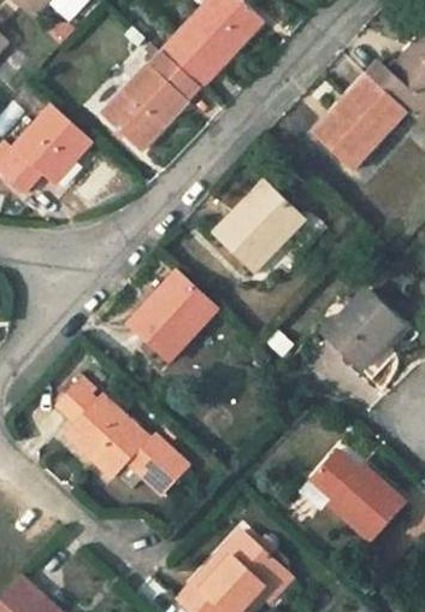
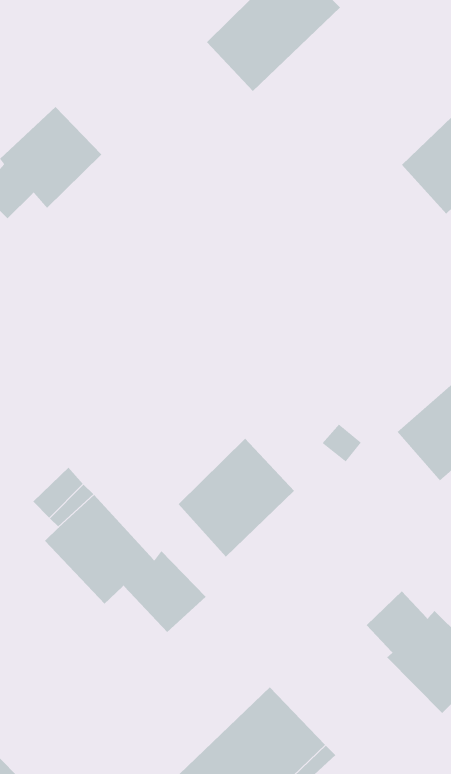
building: [104,46,200,151] -> none
building: [213,180,303,270] -> none
building: [129,269,216,359] -> [178,438,295,557]

